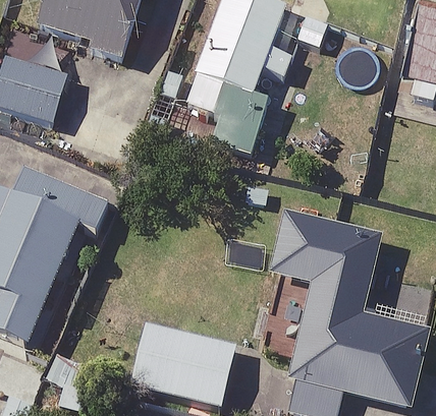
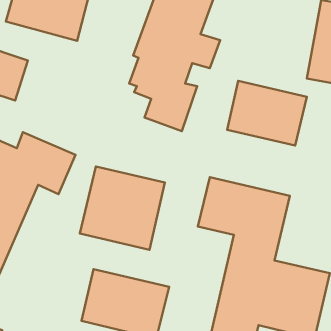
building: none -> [227,81,307,145]
building: none -> [80,167,165,250]

